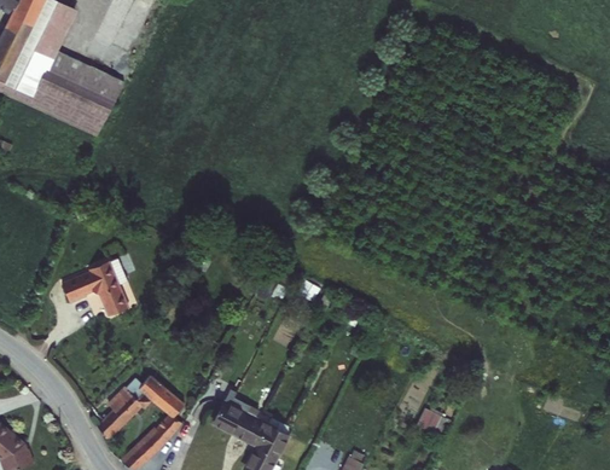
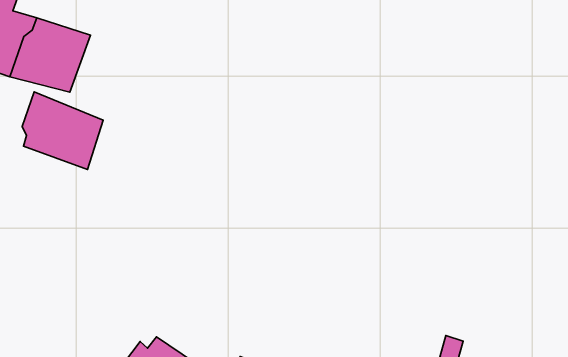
building: none -> [22,92,103,169]
building: [60,256,127,312] -> none

